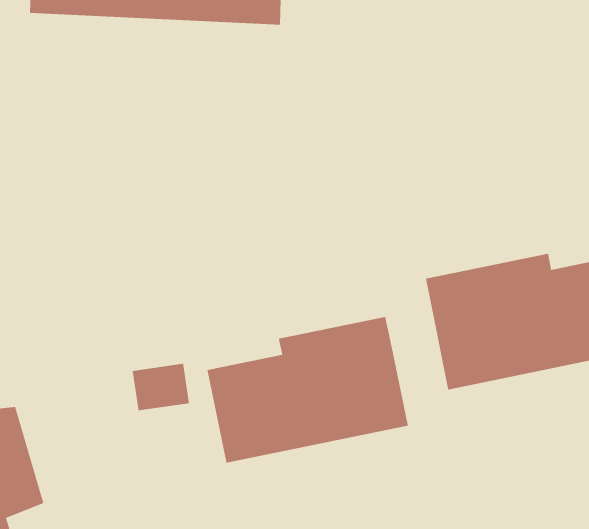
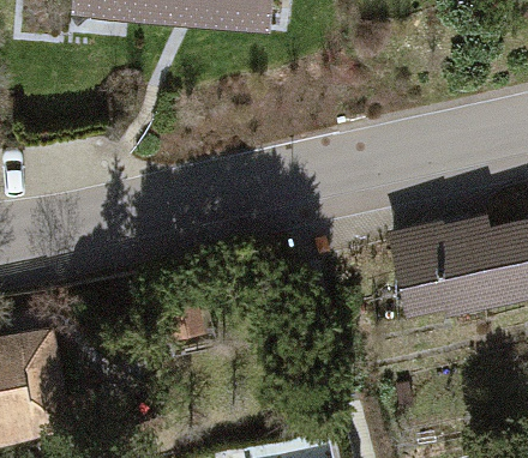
building: [207,316,409,463] -> none

